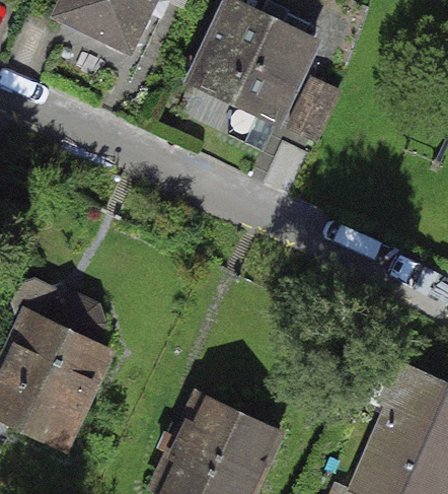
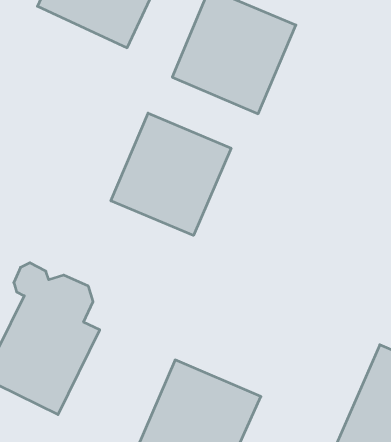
building: none -> [111,113,231,235]

